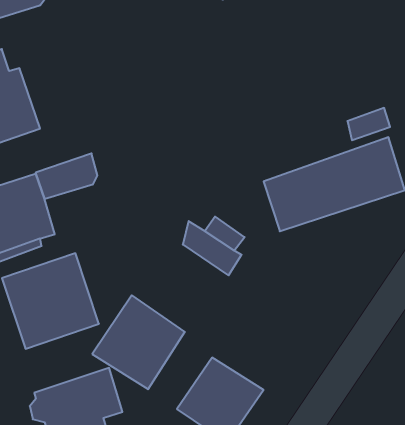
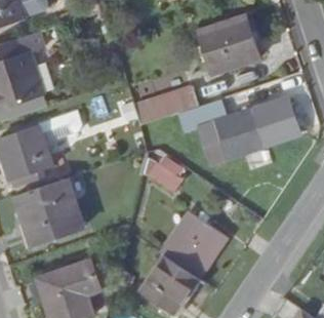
building: none -> [199,18,257,75]
building: none -> [133,86,197,127]
building: [92,295,185,389] -> [161,209,226,275]

